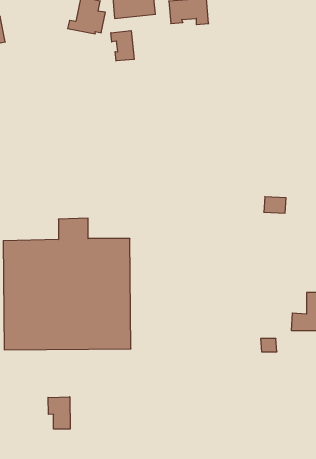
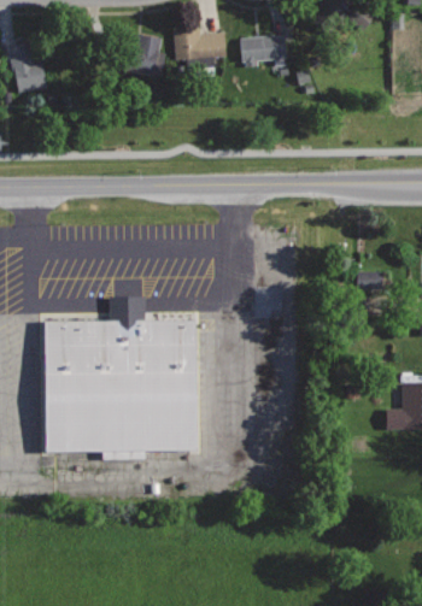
building: [111,31,134,61] -> none
building: [48,397,70,429] -> none

